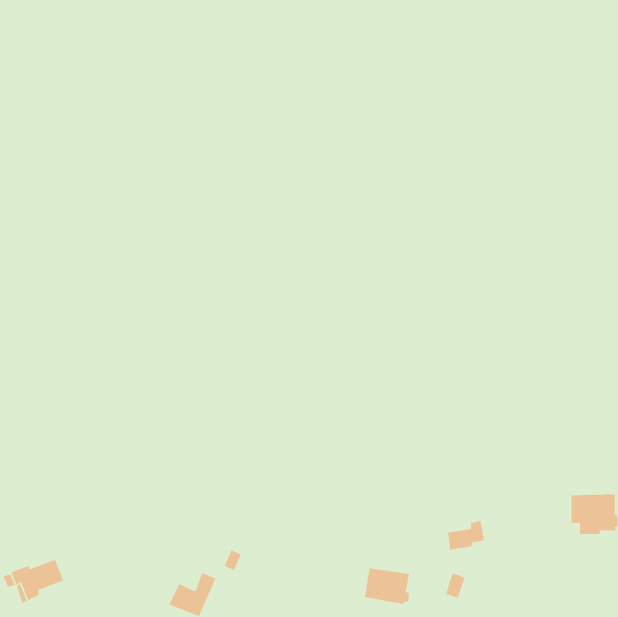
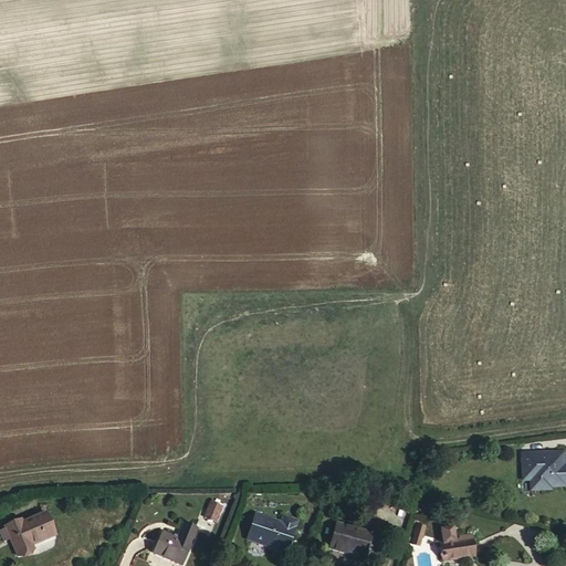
building: [447,520,485,550] -> [441,532,475,559]
building: none -> [248,513,298,551]

